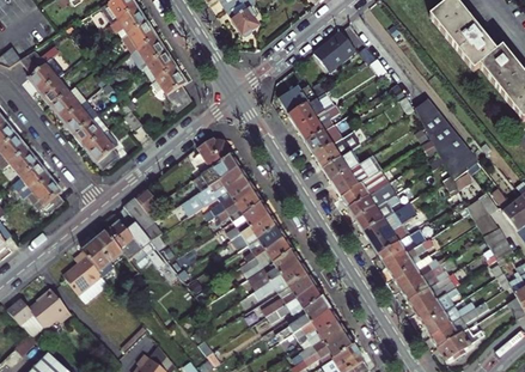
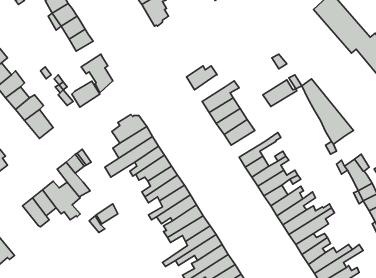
building: [315,29,356,71] -> none
building: [142,53,176,84] -> [72,81,100,107]
building: [288,93,325,126] -> none
building: [332,160,373,193] -> [263,80,297,107]
building: [61,251,100,294] -> none

